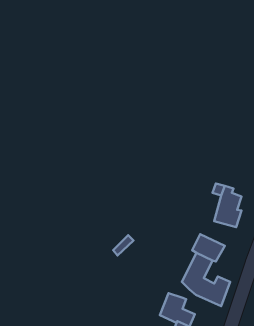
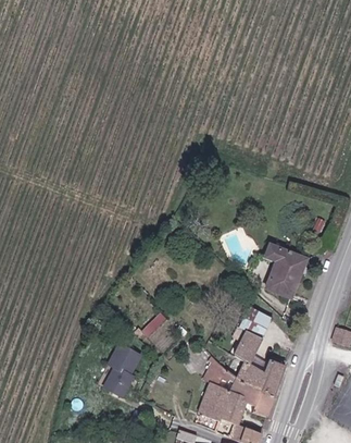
building: none -> [106,343,141,395]
building: none -> [203,354,230,389]
building: none -> [227,379,275,419]

